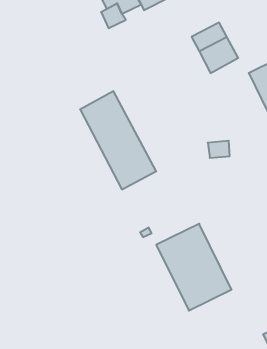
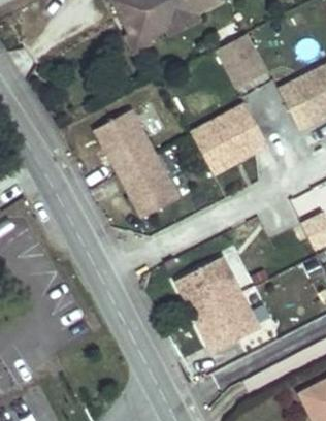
building: none -> [193,110,266,176]

